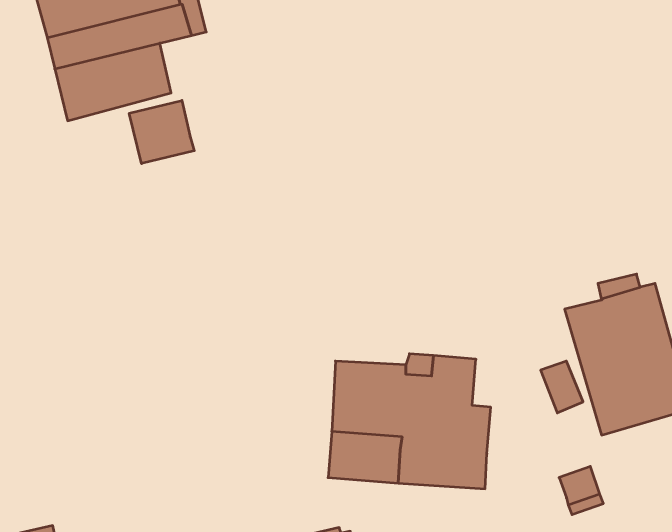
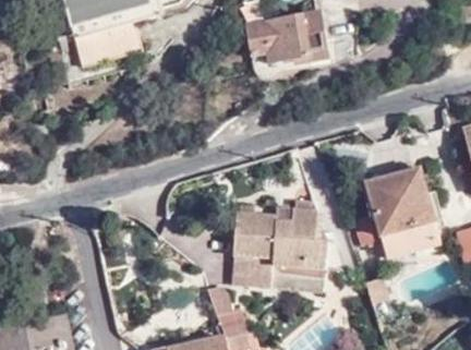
building: none -> [237,11,324,69]
building: [129,100,194,164] -> none

